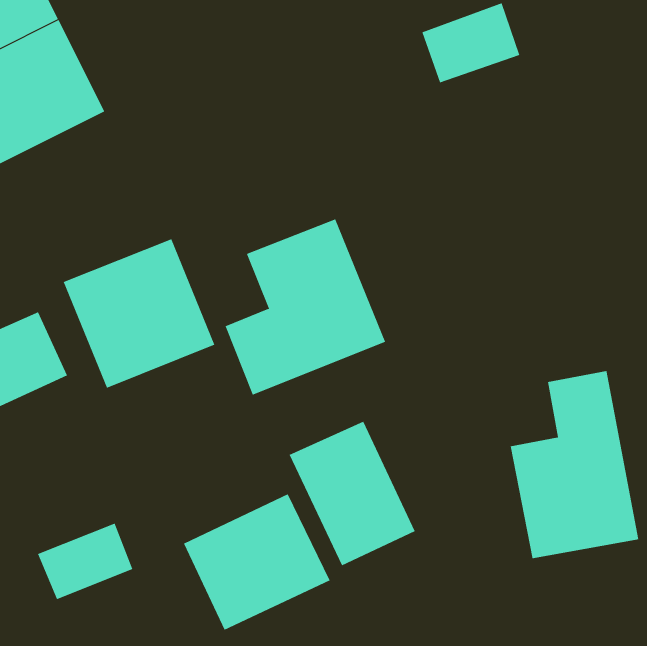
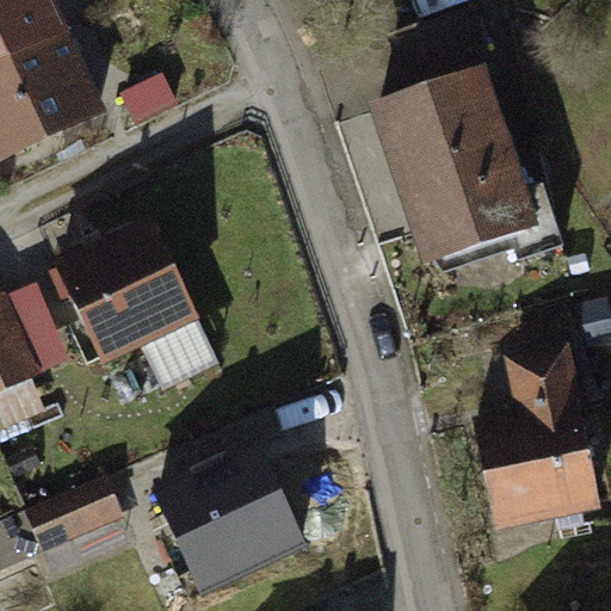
building: none -> [376,72,557,258]
building: [225,218,386,396] -> none
building: [289,421,415,566] -> none

